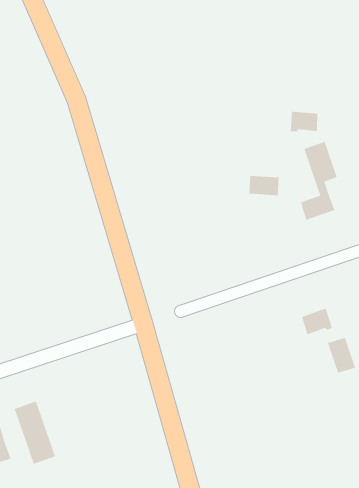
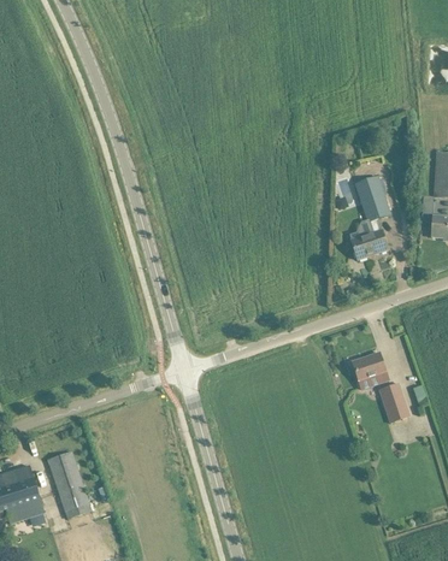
building: [290,111,318,132] -> none
building: [249,175,279,196] -> none

